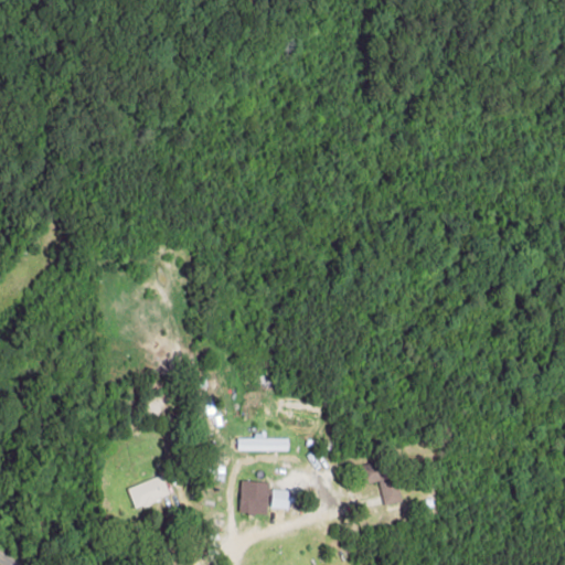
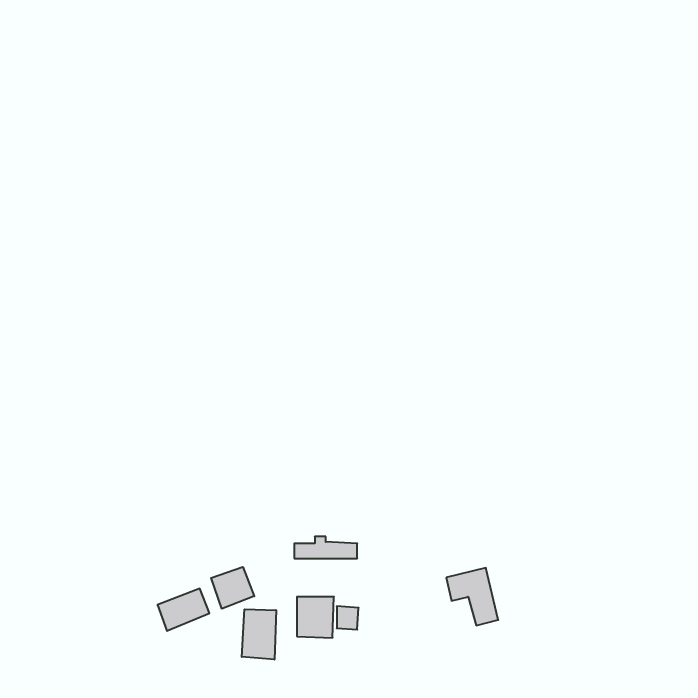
building: none -> [211,567,254,609]
building: none -> [242,609,276,660]

